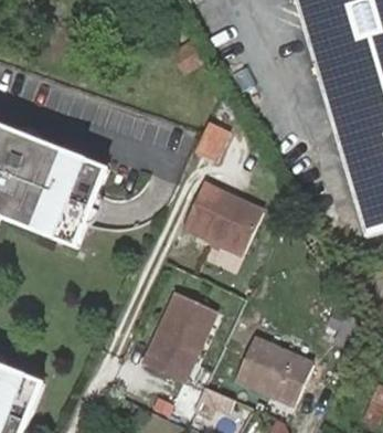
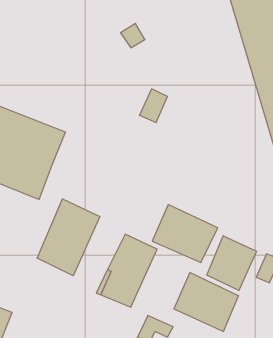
building: [184,181,262,250] -> [152,205,218,263]
building: none -> [37,199,100,276]
building: none -> [207,236,257,291]

